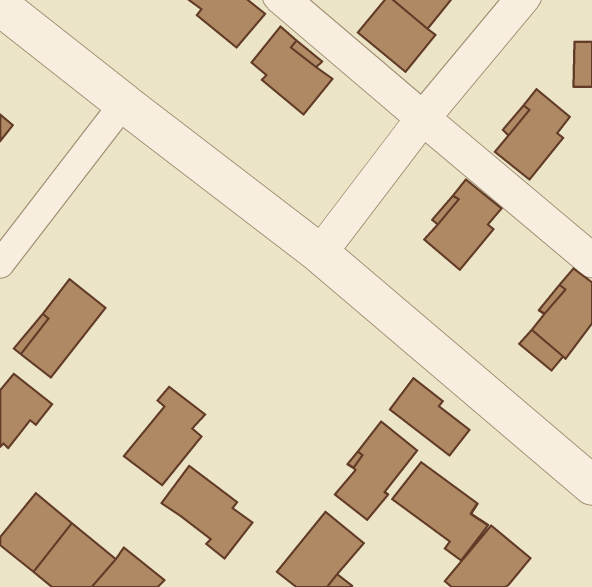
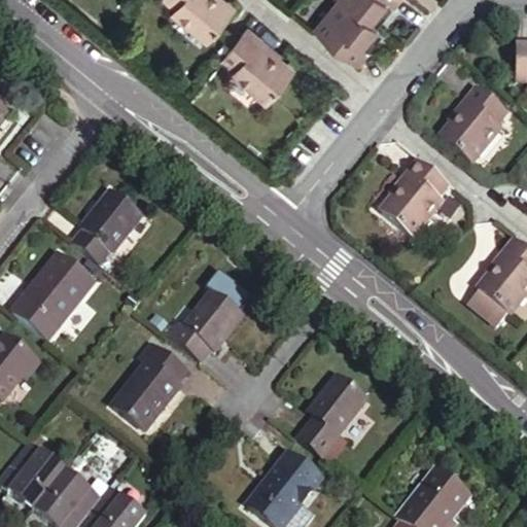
building: none -> [75,182,146,260]
building: none -> [169,285,250,362]
building: [390,378,470,455] -> none
building: [392,462,488,560] -> none
building: [162,466,252,558] -> none

